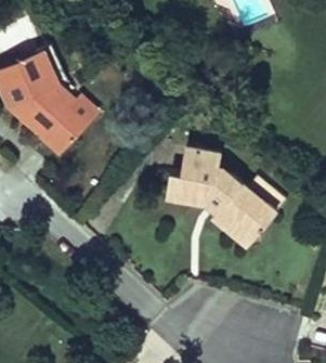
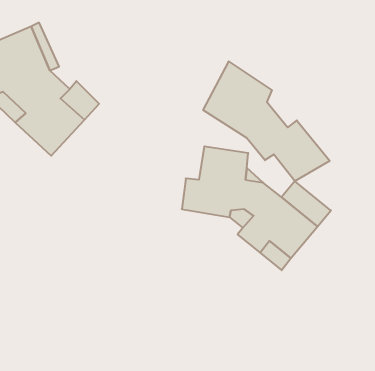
building: none -> [203,61,330,181]

